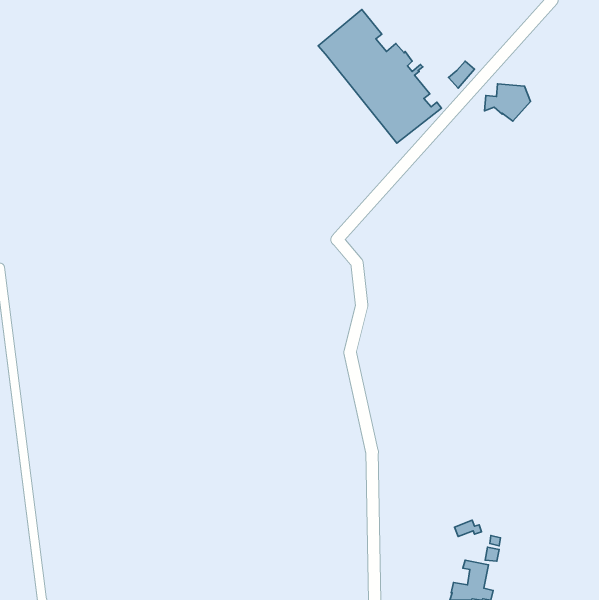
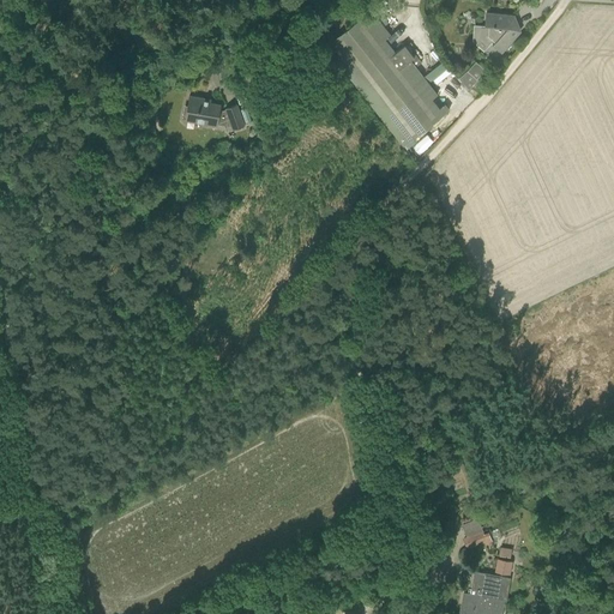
building: [485,84,530,121] -> [474,13,520,52]
building: none -> [183,97,245,130]

